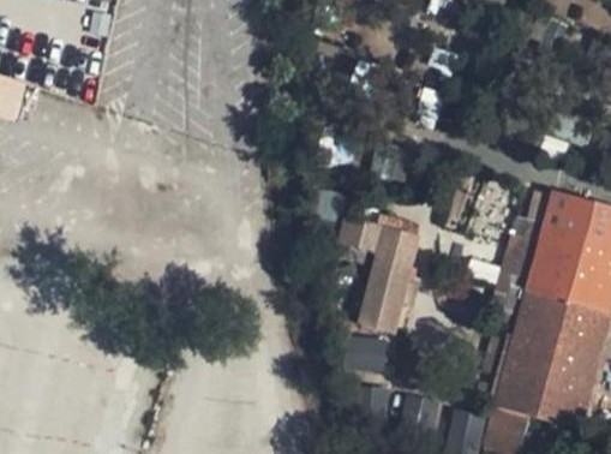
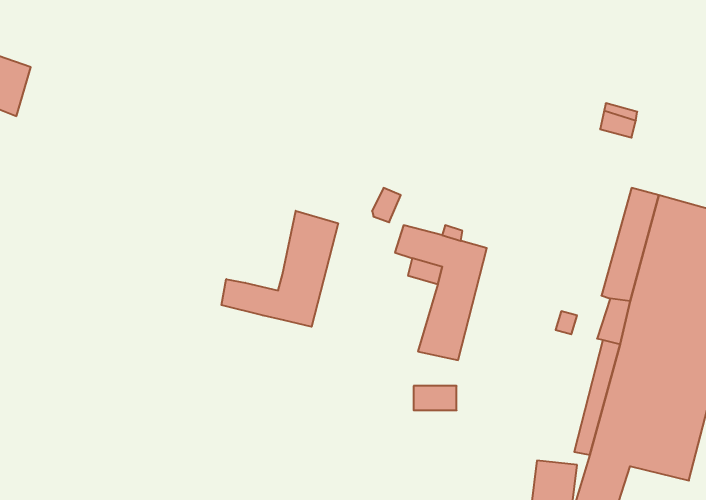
building: none -> [221,211,338,327]

